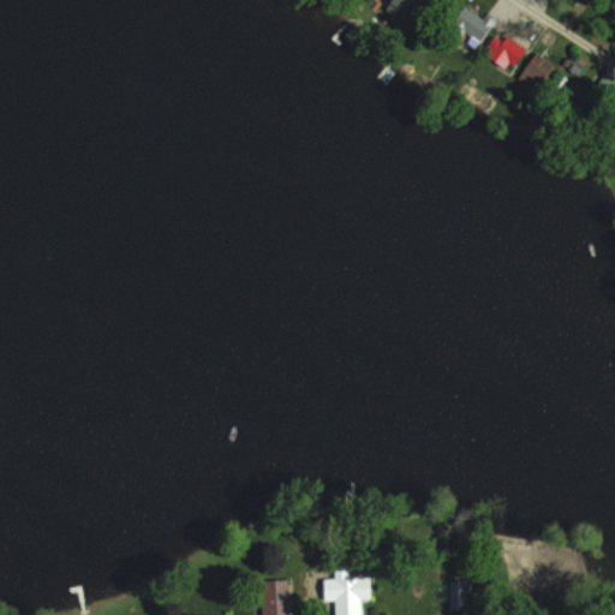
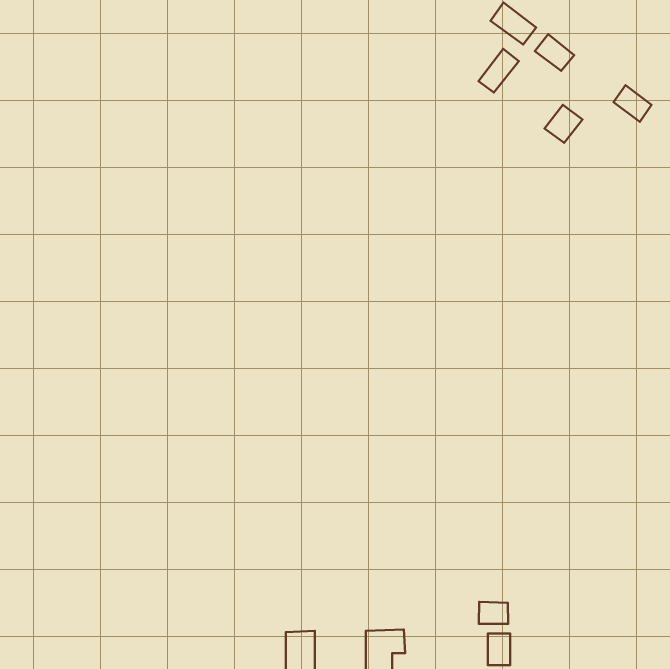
building: none -> [479,49,519,92]
building: [519,53,554,88] -> [544,105,582,143]
building: none -> [479,602,508,624]

